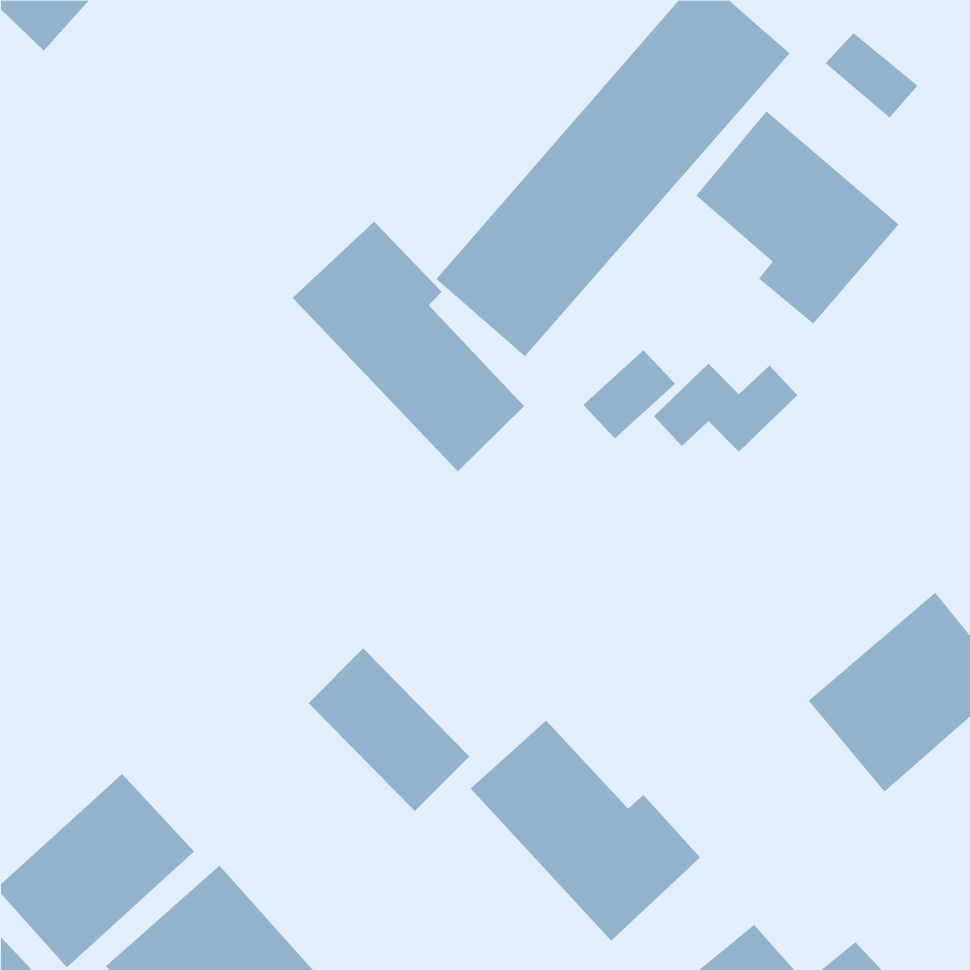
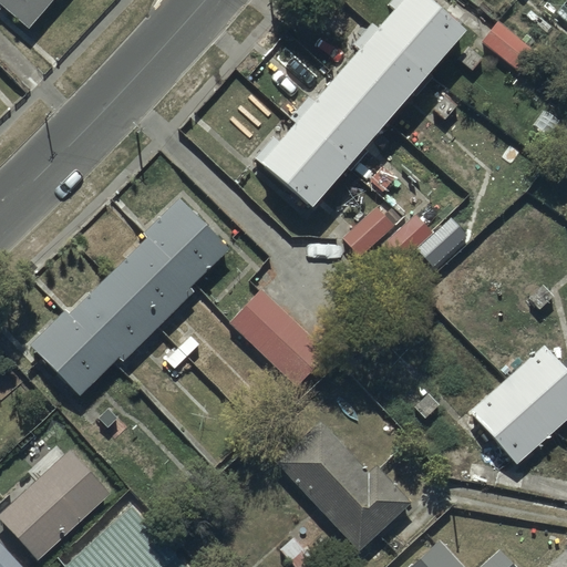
building: [696,111,900,325] -> none
building: [292,221,525,472] -> none
building: none -> [29,198,228,394]
building: [308,648,470,812] -> [229,290,323,385]

